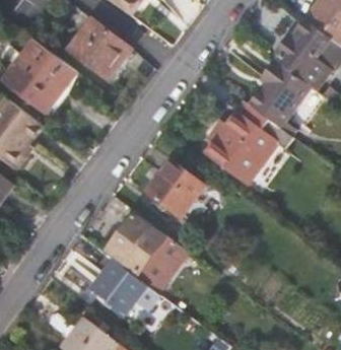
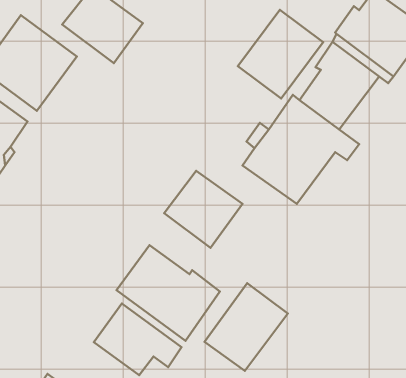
building: none -> [238,10,323,98]
building: none -> [205,283,288,371]

